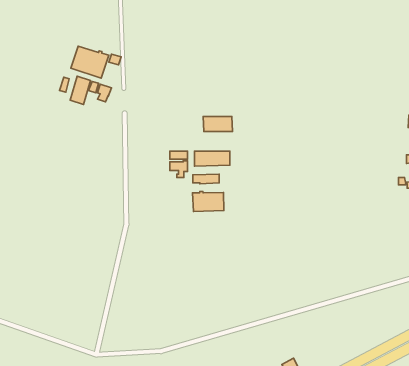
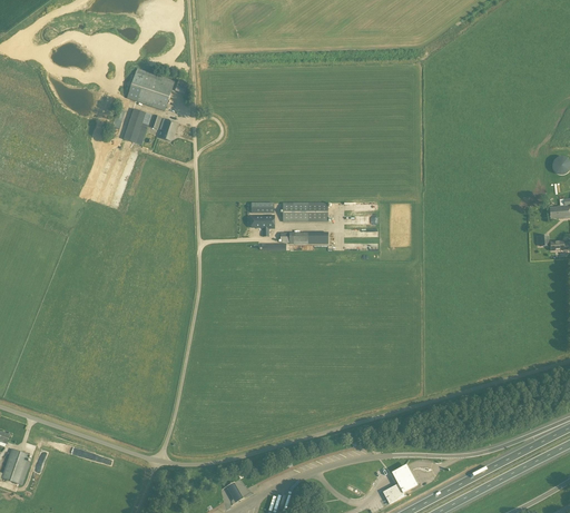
building: [203,116,232,132] -> none
building: [193,191,224,211] -> none

